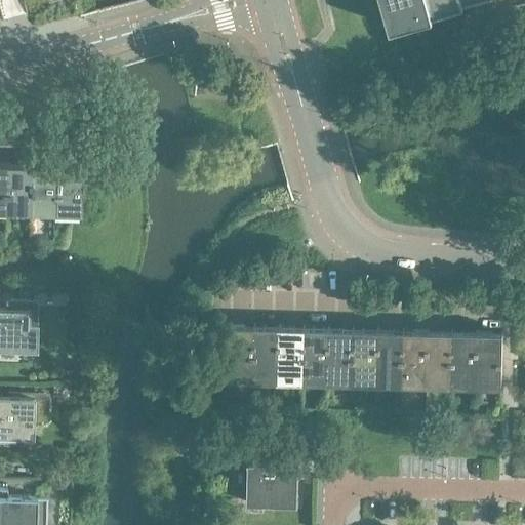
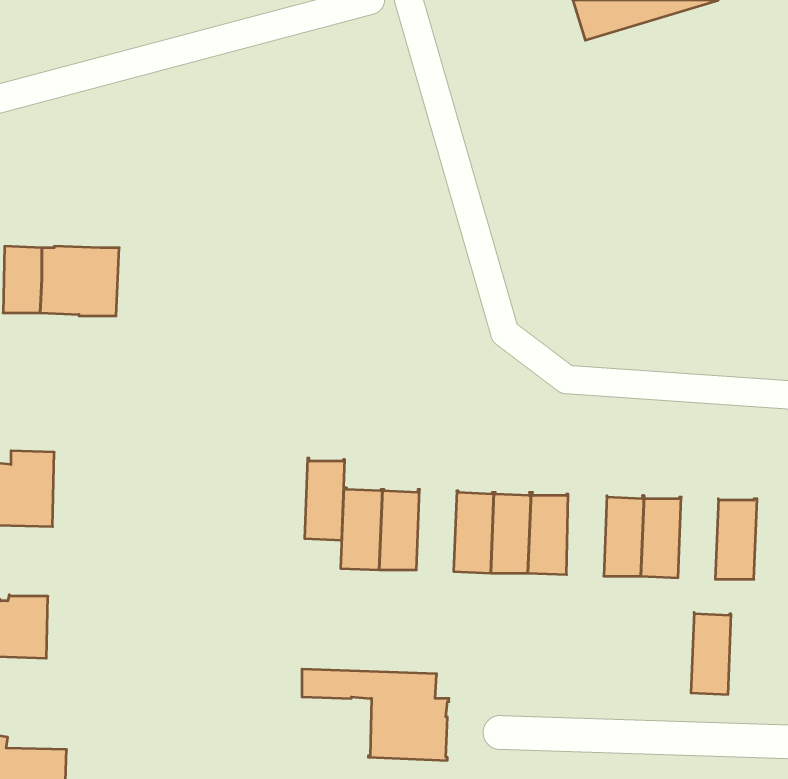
building: [276,332,302,387] -> [305,458,345,540]
building: [375,335,402,390] -> none
building: [449,337,476,392] -> [691,612,731,694]

